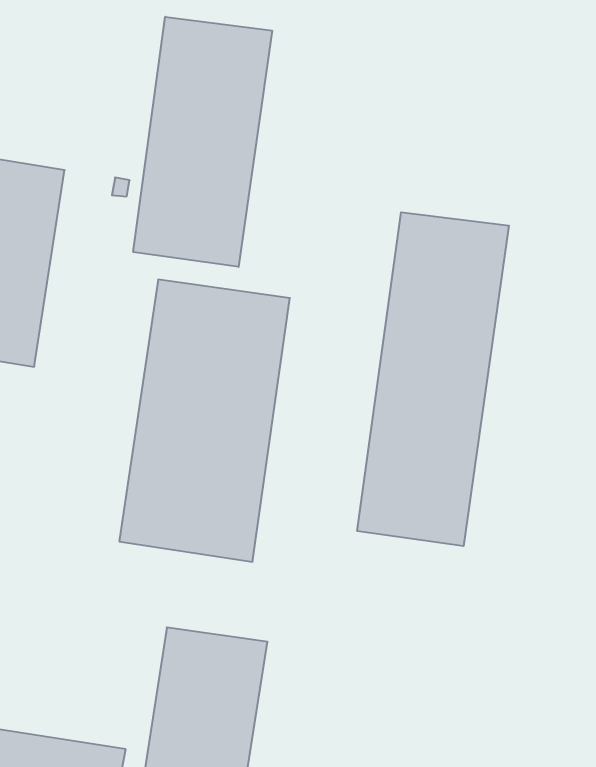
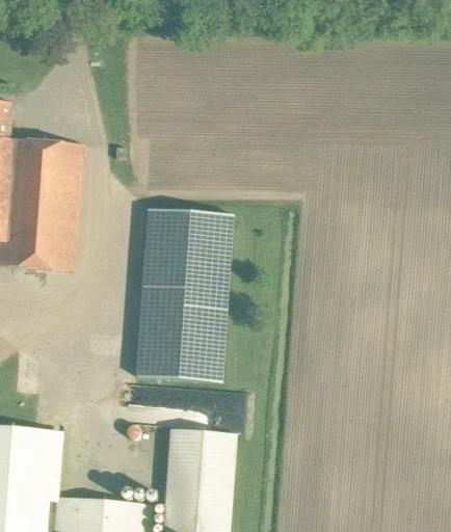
building: [133,17,272,267] -> none
building: [357,212,509,546] -> none

